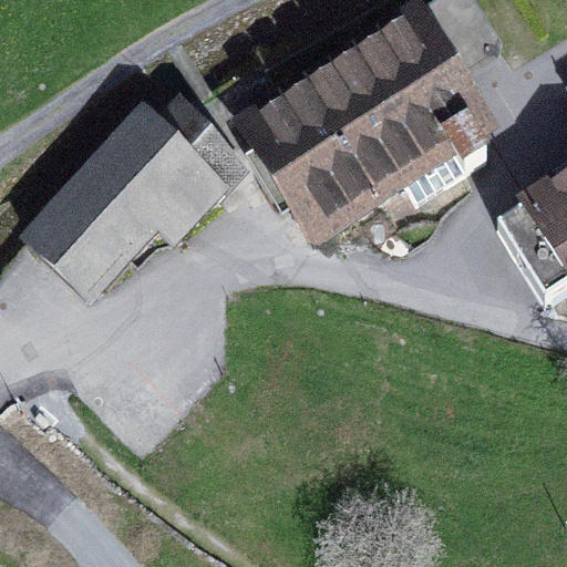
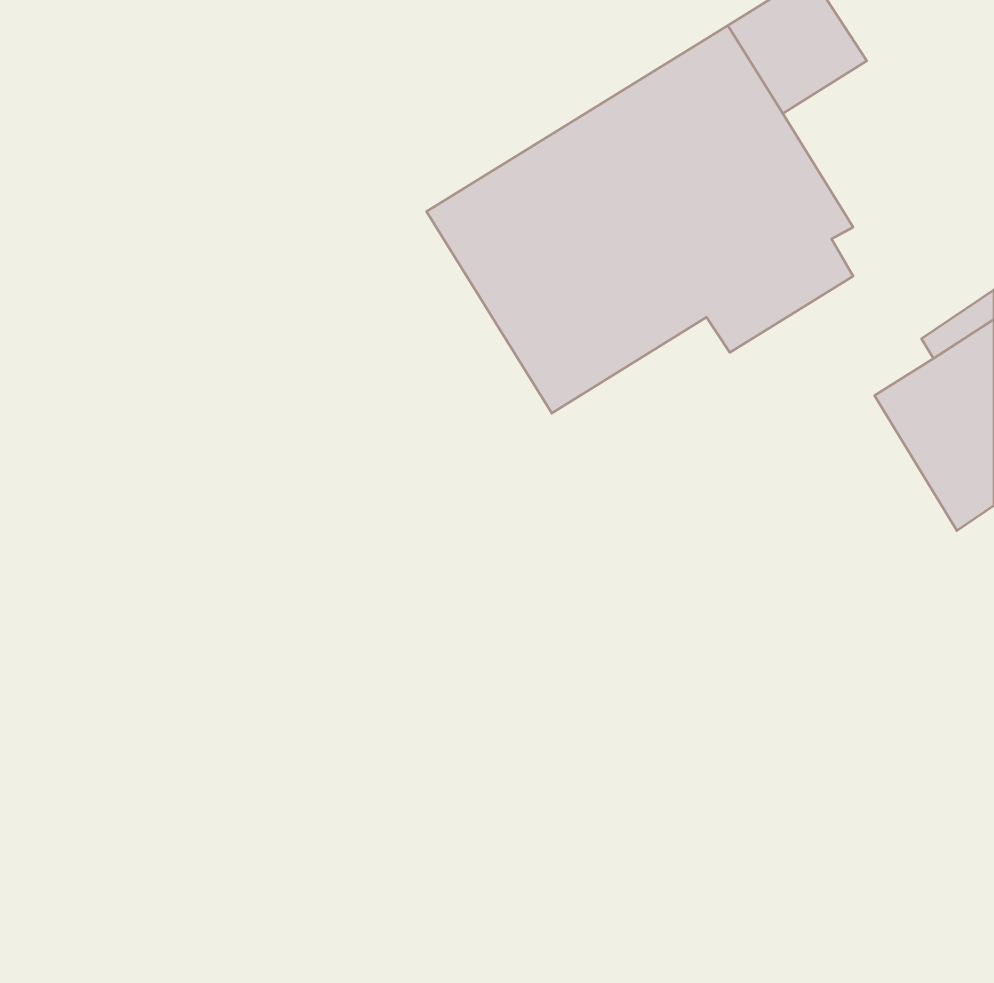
building: [30,106,233,291] -> none

